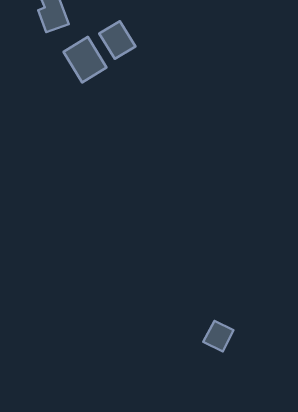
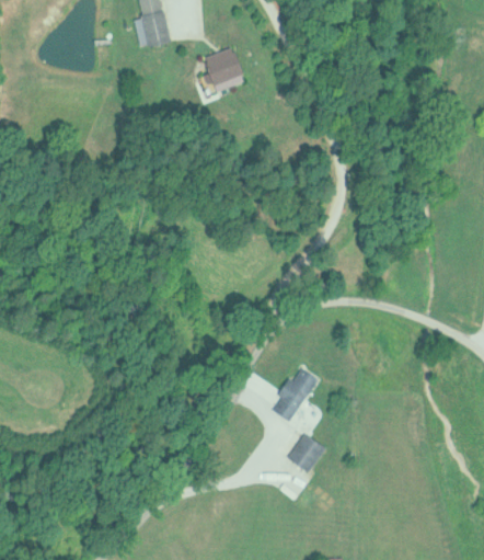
building: [63,37,106,83] -> none
building: none -> [270,366,318,421]

